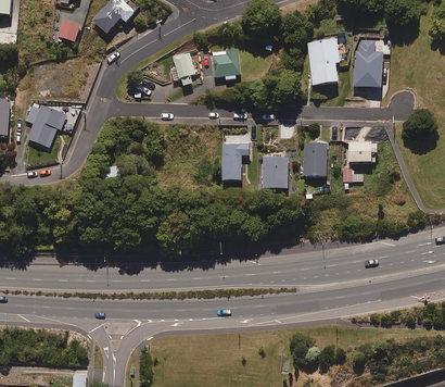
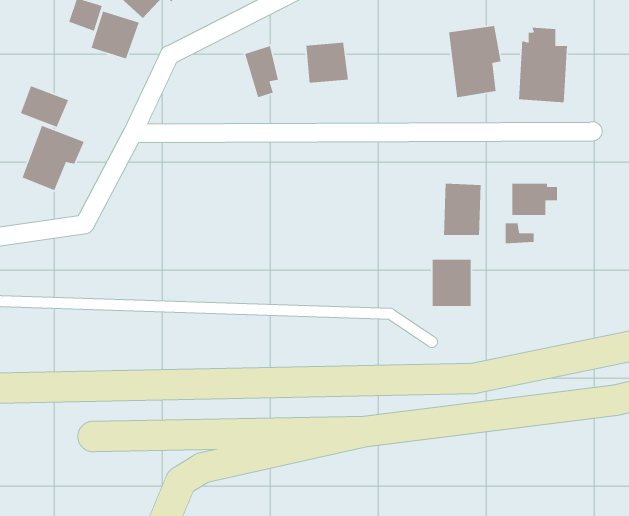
building: none -> [91,10,140,60]
building: none -> [20,85,69,128]
building: [220,142,247,180] -> none
building: [262,157,288,188] -> [432,259,472,307]

